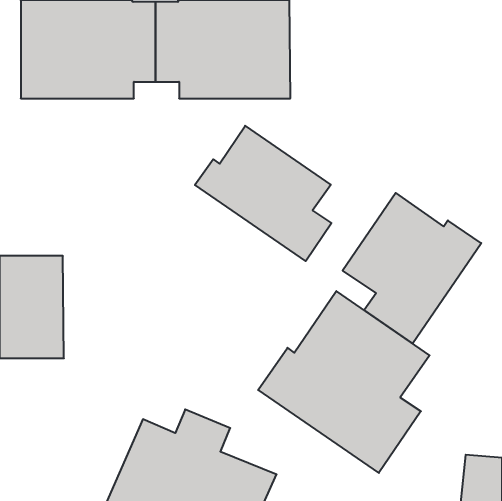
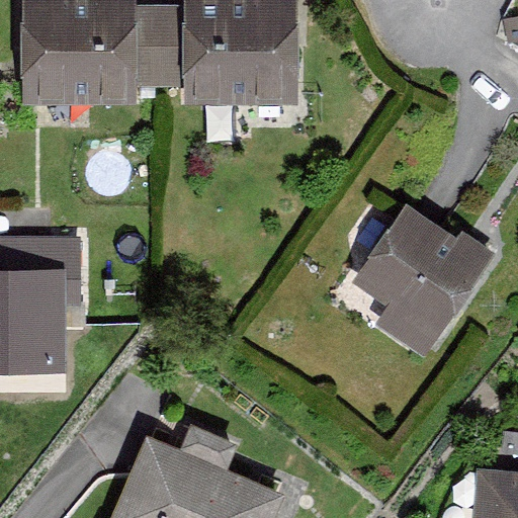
building: [195,126,331,261] -> none
building: [258,291,430,473] -> none

